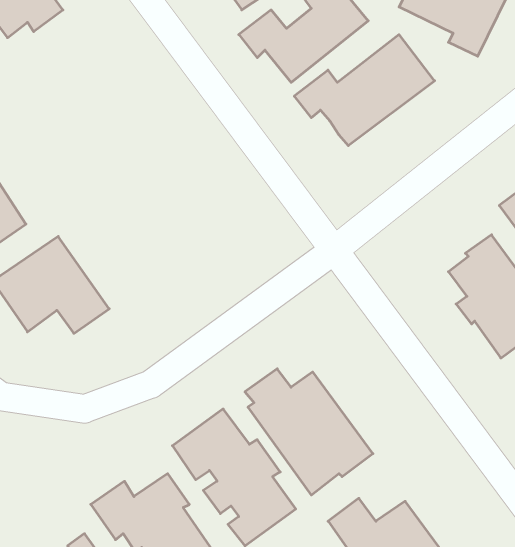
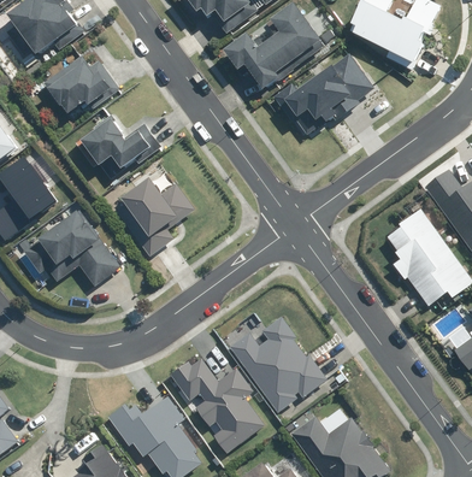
building: none -> [48,55,122,114]
building: none -> [82,114,161,179]
building: none -> [112,179,193,258]

